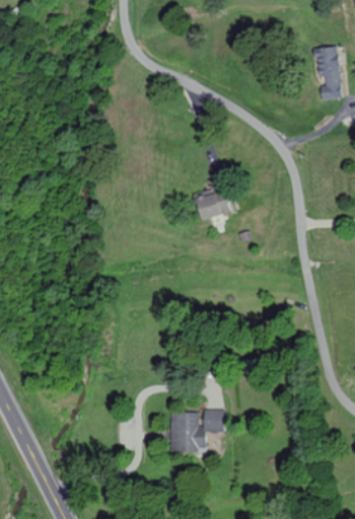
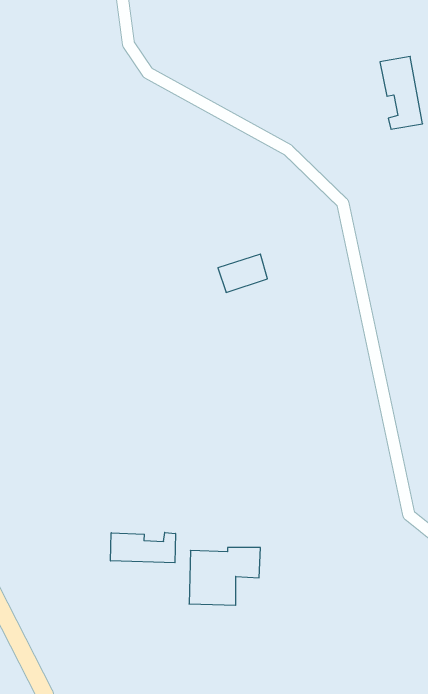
building: none -> [111,532,175,563]

